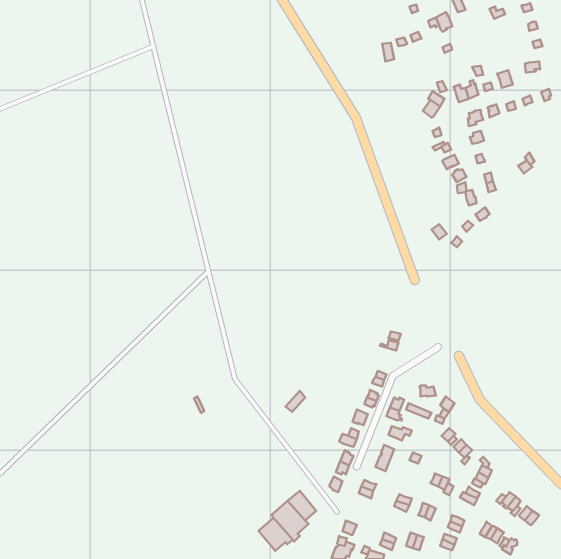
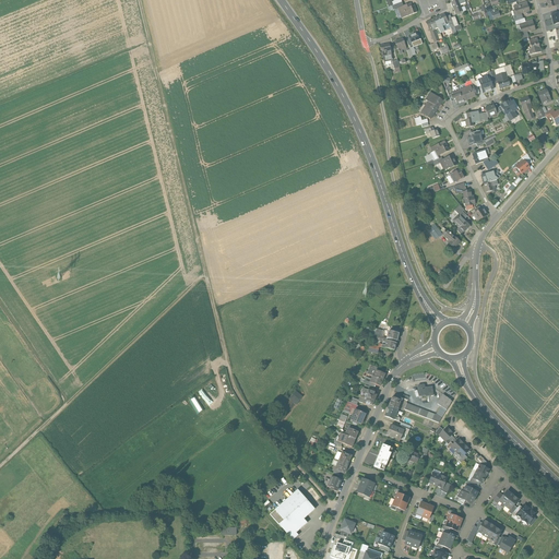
building: [258,518,293,551] -> none

